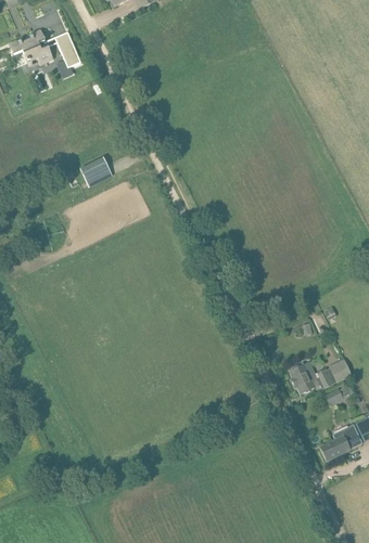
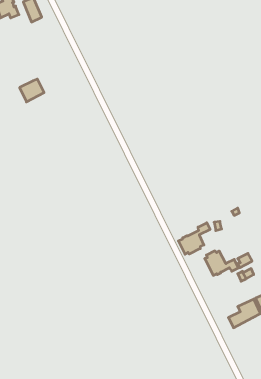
building: [80,157,112,186] -> [20,79,44,102]
building: none -> [178,223,210,254]

